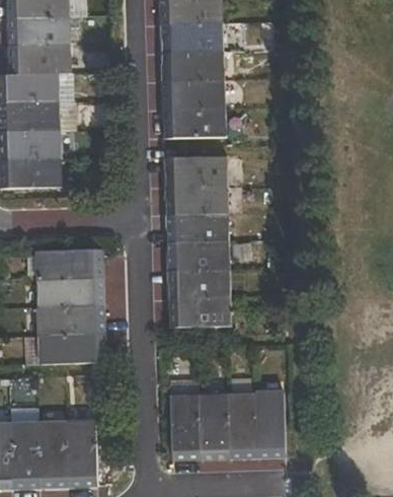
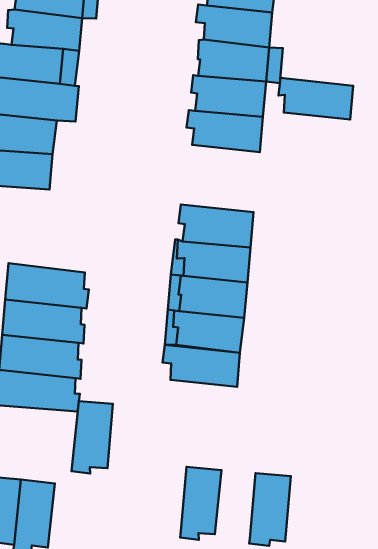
building: [166,157,226,186] -> [278,78,353,120]
building: [226,393,255,450] -> none
building: [170,395,200,452] -> [71,401,113,474]

